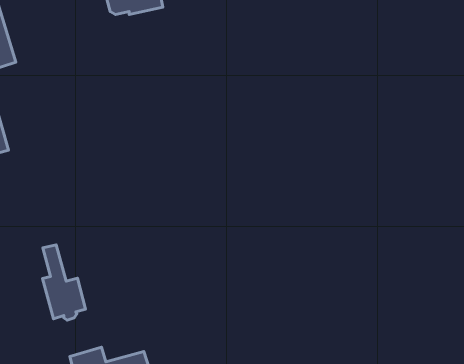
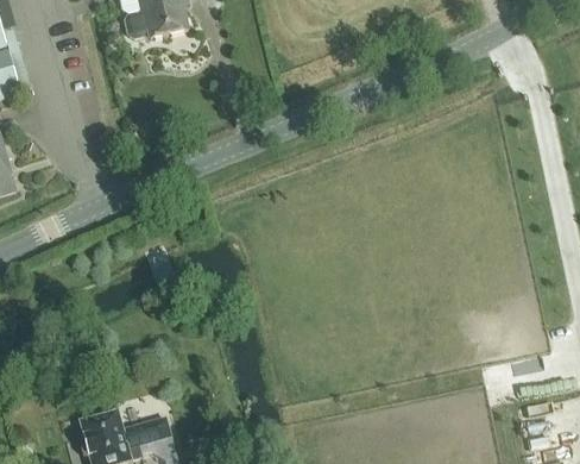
building: [42,245,85,320] -> none

